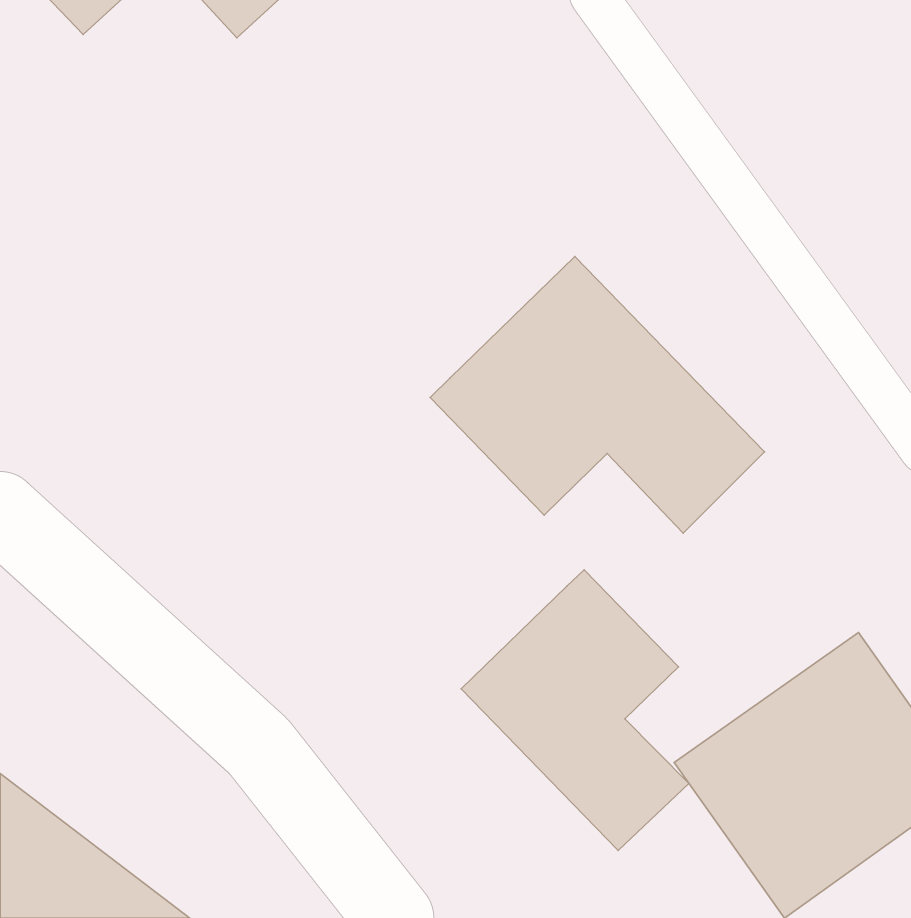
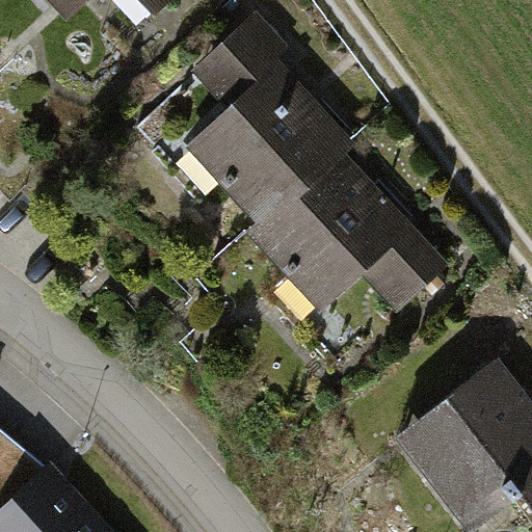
building: none -> [186,16,347,217]
building: [461,570,689,850] -> none

